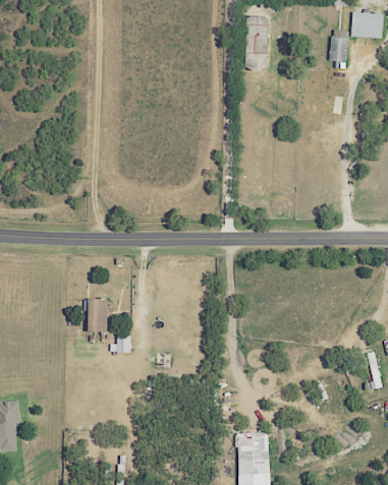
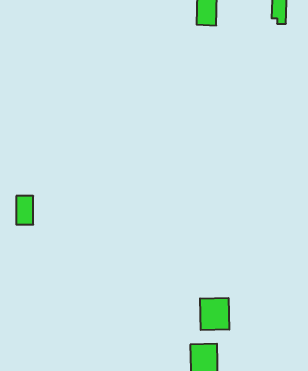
building: [88,298,107,330] -> [16,196,33,225]
building: none -> [200,298,229,330]

